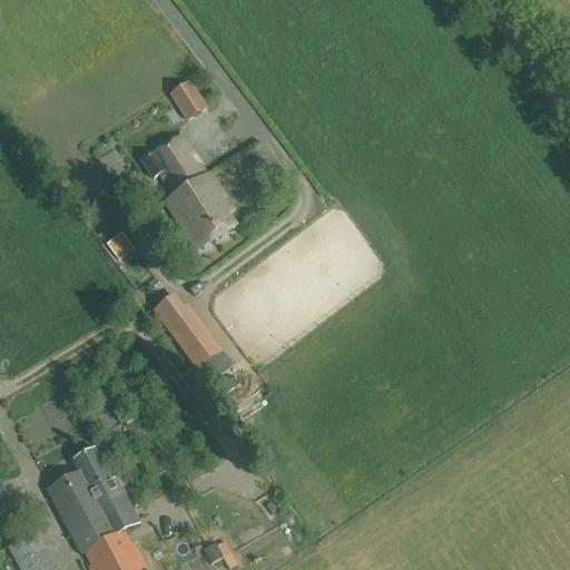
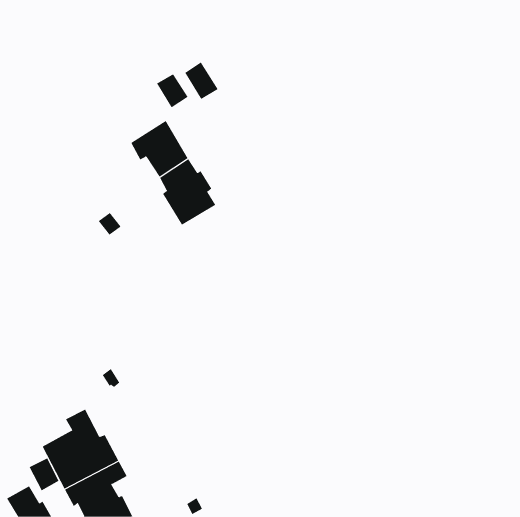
building: none -> [185,62,218,100]
building: [154,295,220,368] -> none
building: none -> [29,457,59,491]

